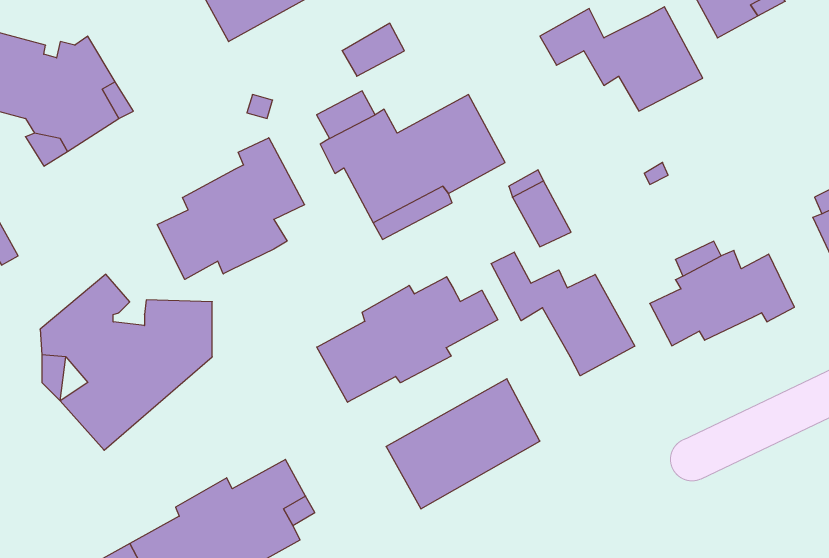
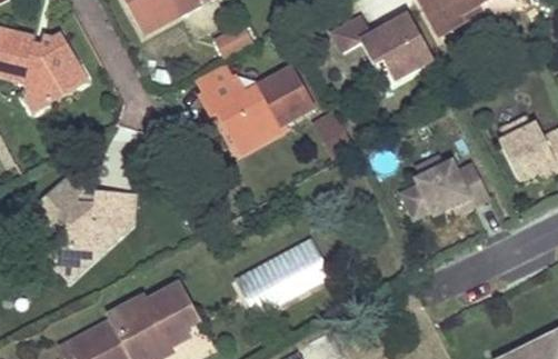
building: [157,138,305,279] -> none
building: [491,252,635,376] -> none
building: [317,277,498,402] -> none

